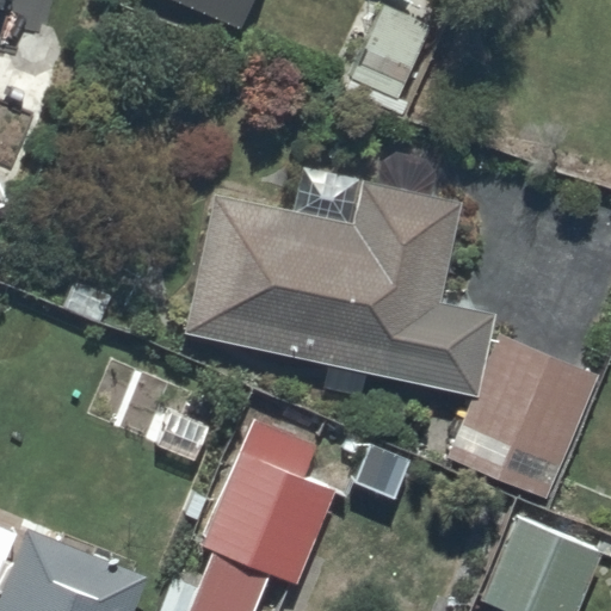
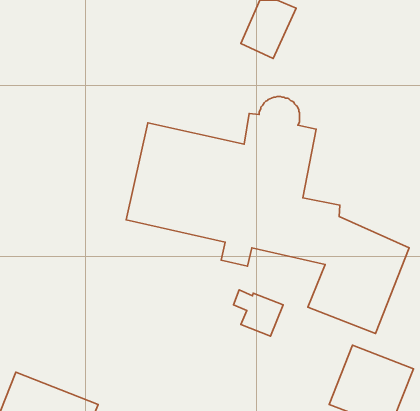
building: [204,421,334,581] -> none

